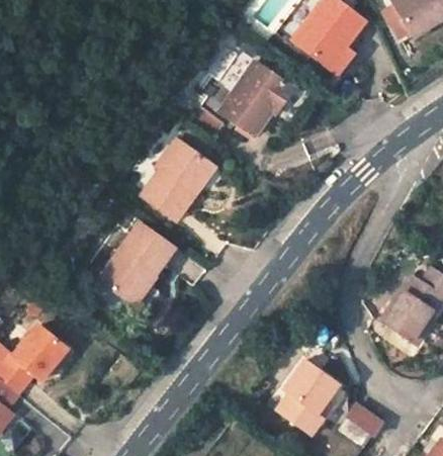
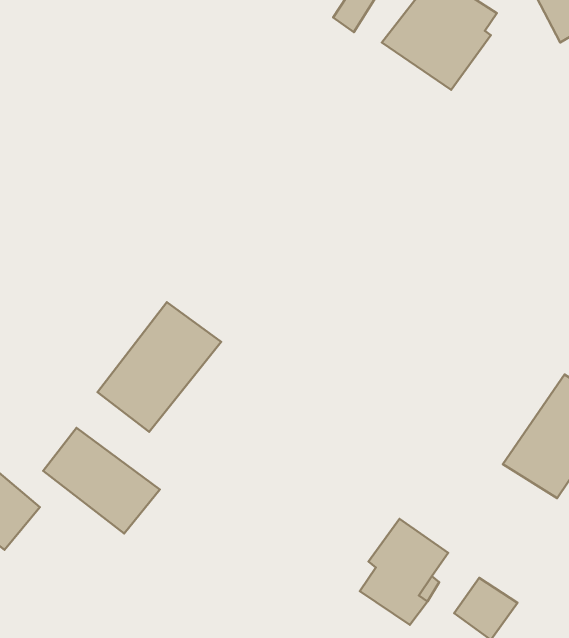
building: [219,59,296,131] -> none
building: [145,132,222,215] -> none
building: none -> [43,428,160,533]

